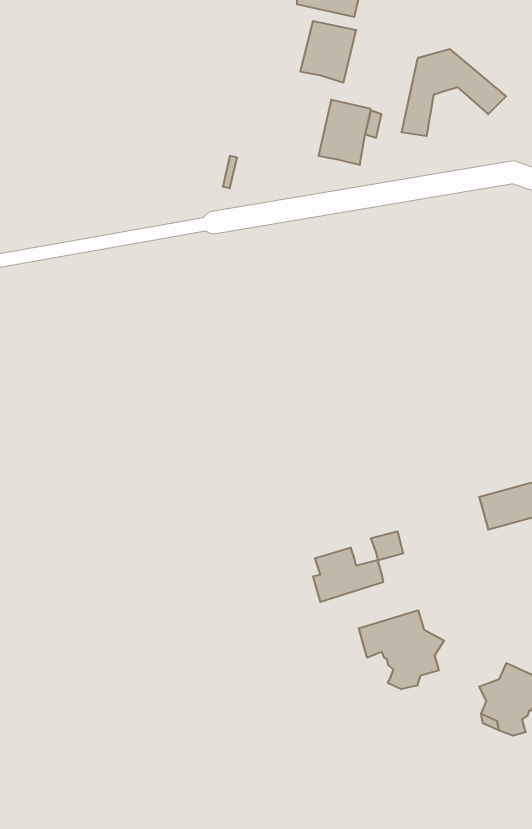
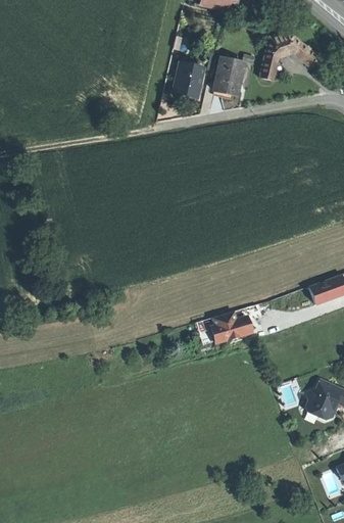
building: [300,21,356,82] -> [173,64,204,99]
building: [359,610,444,689] -> none

